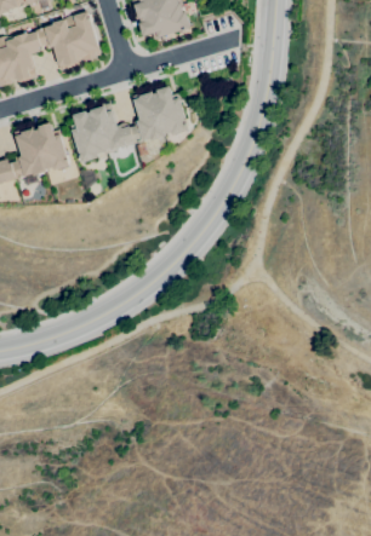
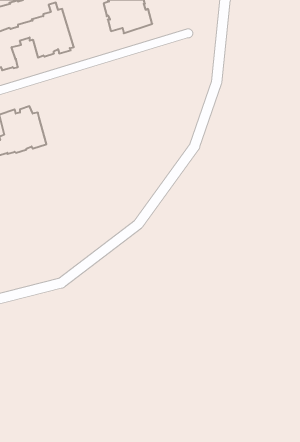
building: [72,86,189,162] -> none

